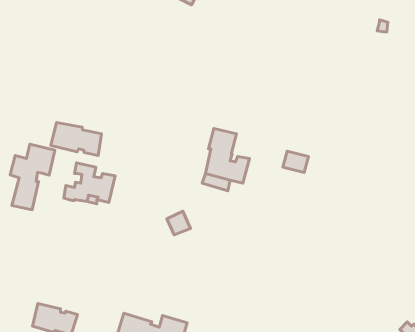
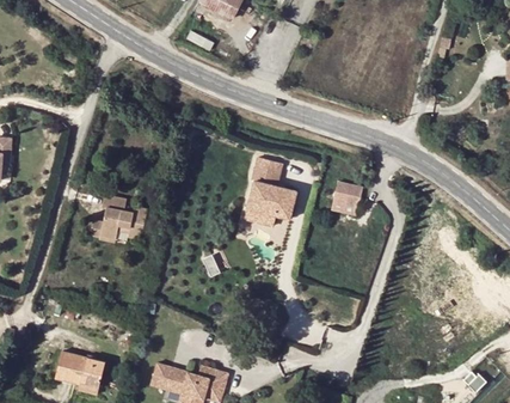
building: [51,122,101,156] -> none
building: [10,144,55,210] -> none

